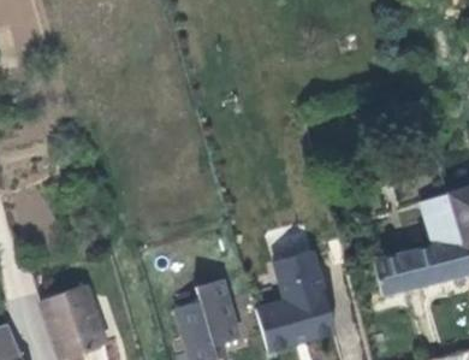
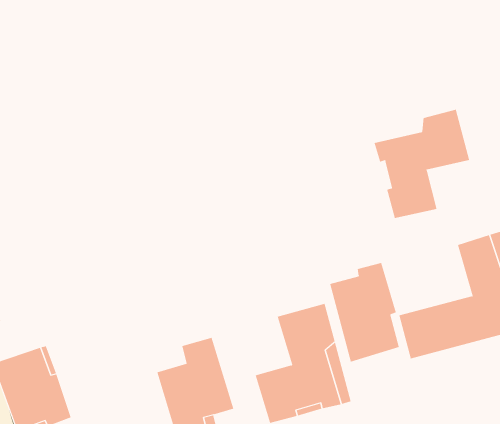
building: none -> [374,109,470,219]
building: none -> [329,262,400,363]

